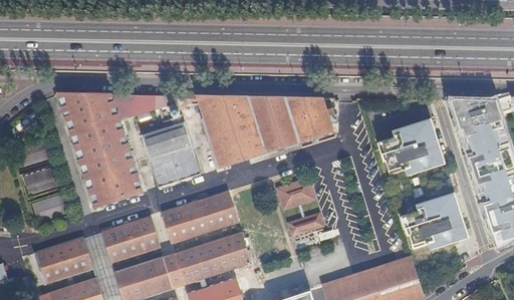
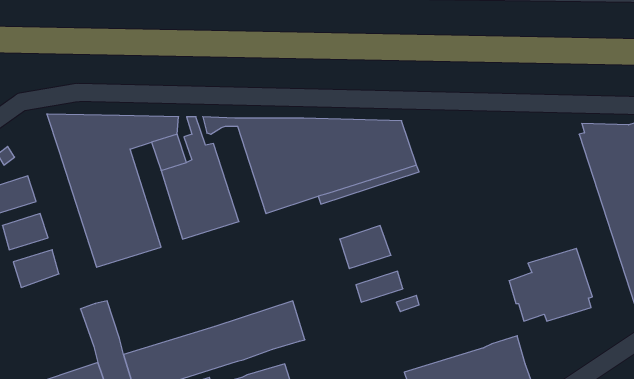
building: [378,119,441,175] -> none
building: [162,193,237,242] -> none
building: [102,218,159,261] -> none
building: [35,239,92,282] -> none

